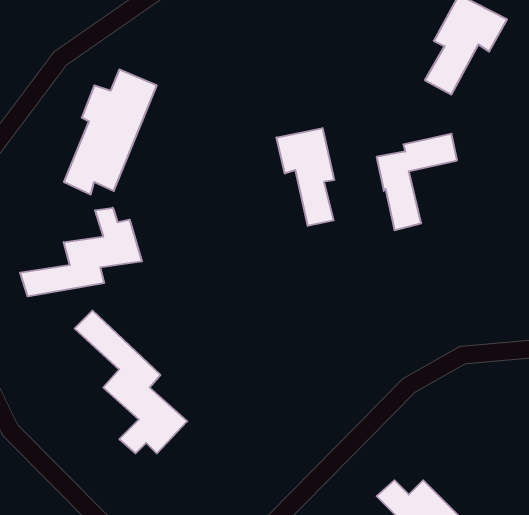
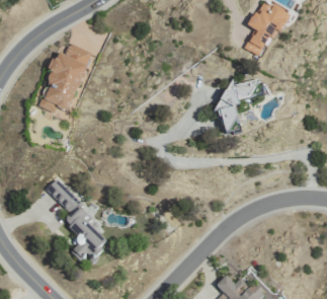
building: [276,128,334,226] -> none
building: [20,208,142,296] -> none

